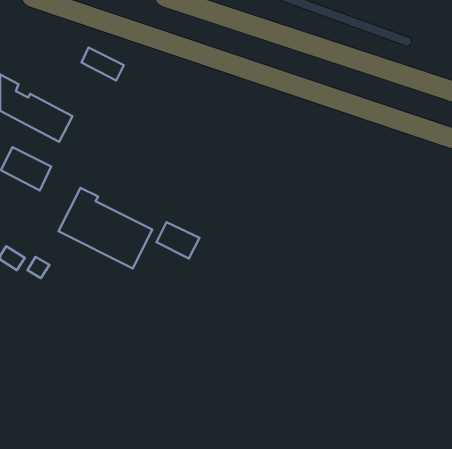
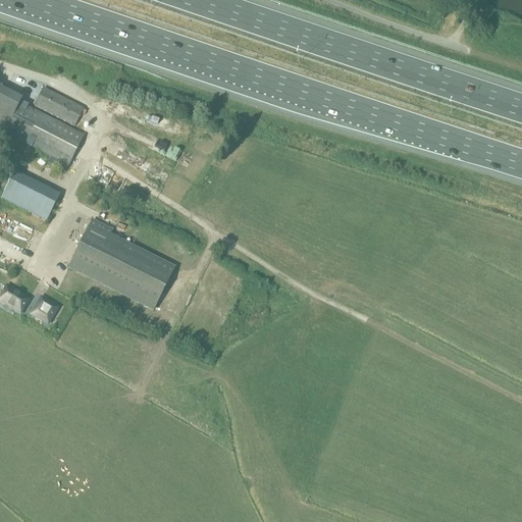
building: [82,48,124,80] -> [35,86,84,123]
building: [156,222,199,258] -> none

